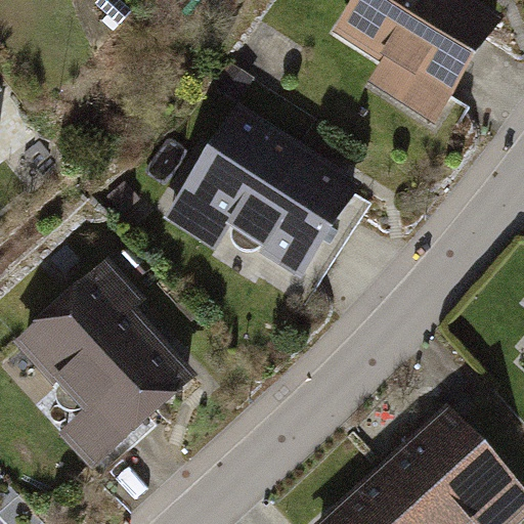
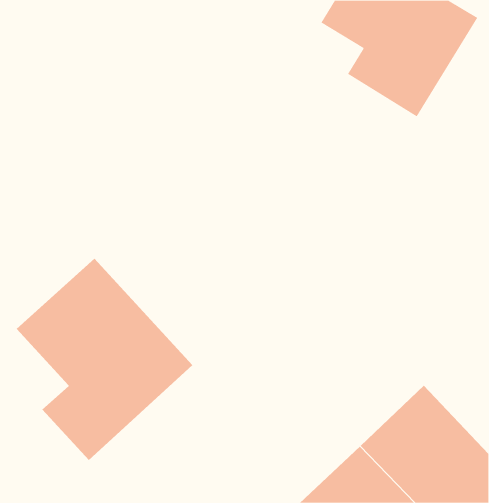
building: [173,116,363,297] -> none

